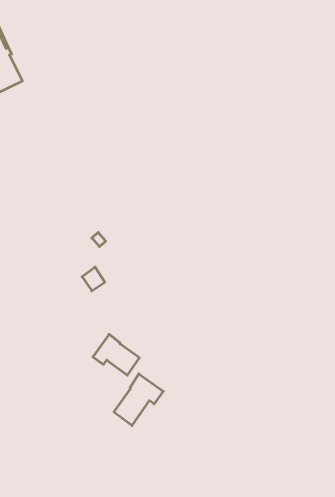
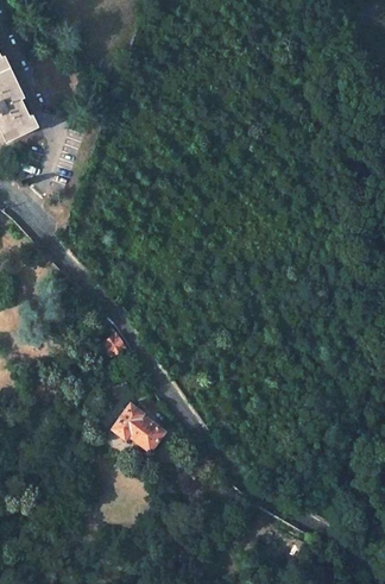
building: [114,374,163,426] -> none

